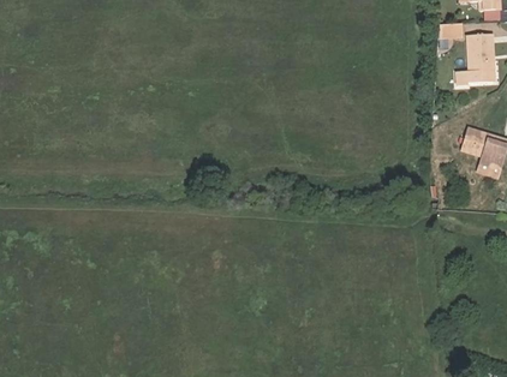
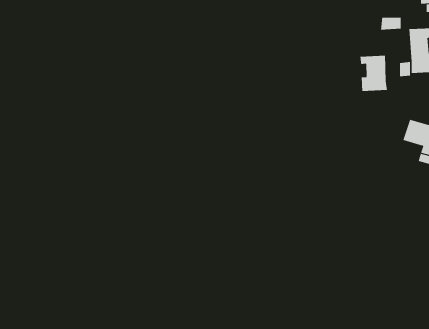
building: none -> [360,55,387,92]

